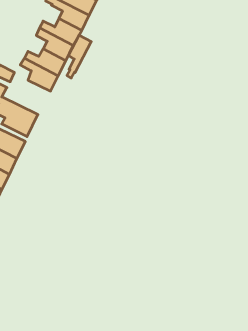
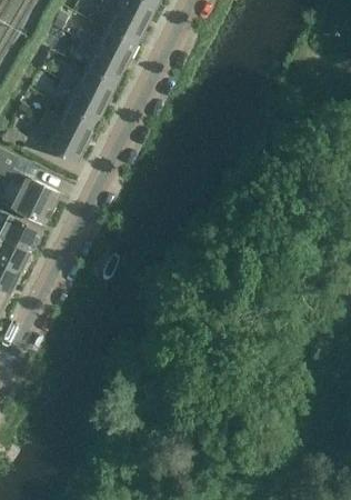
building: [67,35,91,78] -> none

